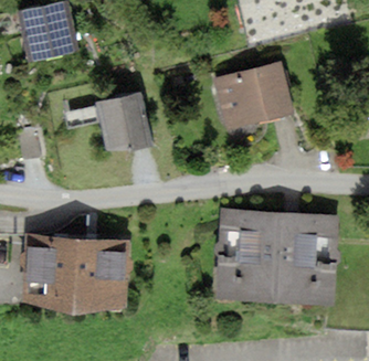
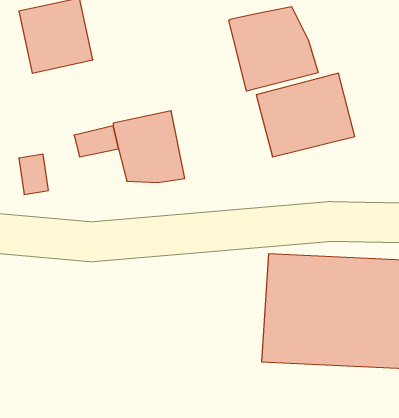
building: none -> [229,7,318,91]
building: [19,234,134,308] -> none

